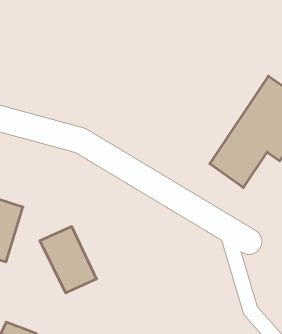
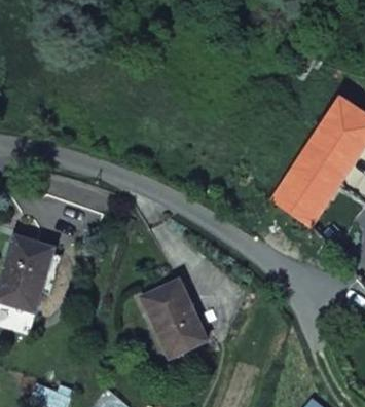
building: [40,227,97,293] -> [141,280,207,357]

